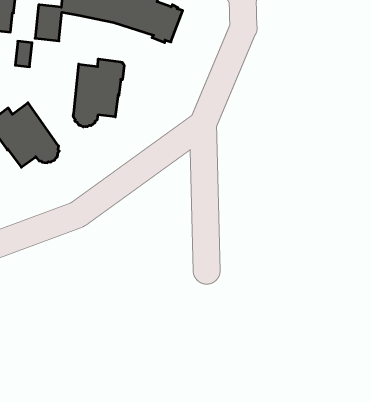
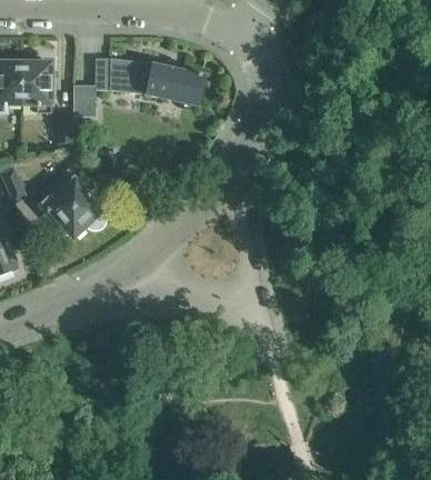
building: [73,59,124,127] -> none

